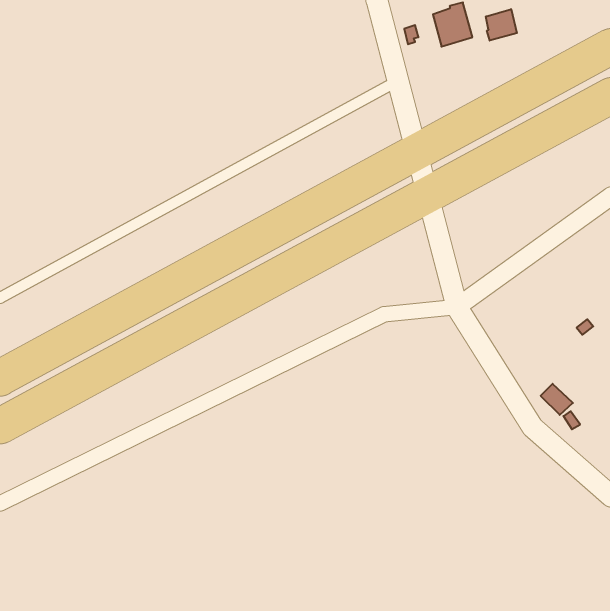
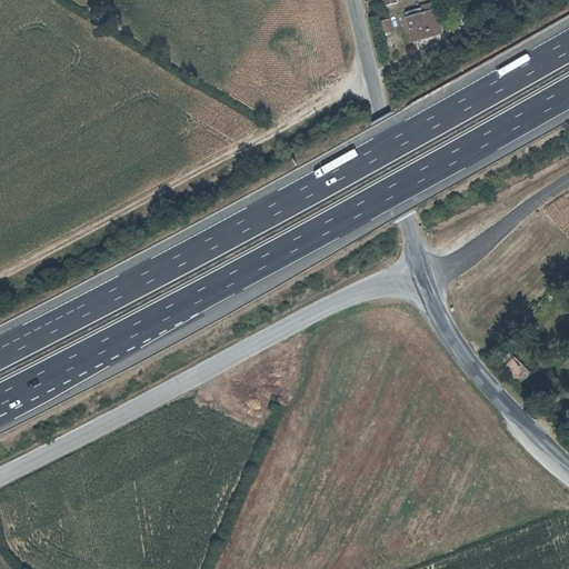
building: [486,9,517,41] -> none

